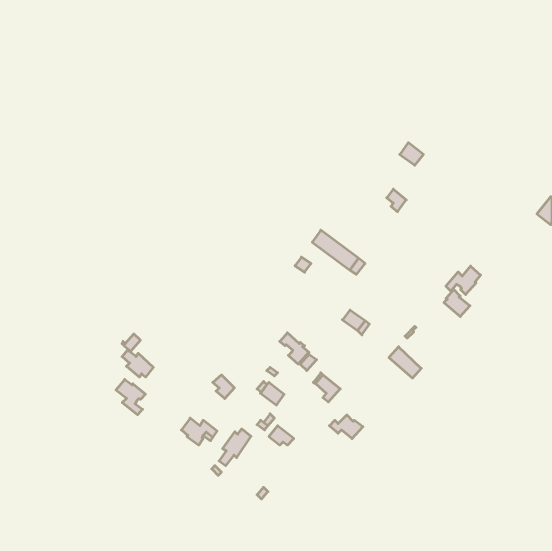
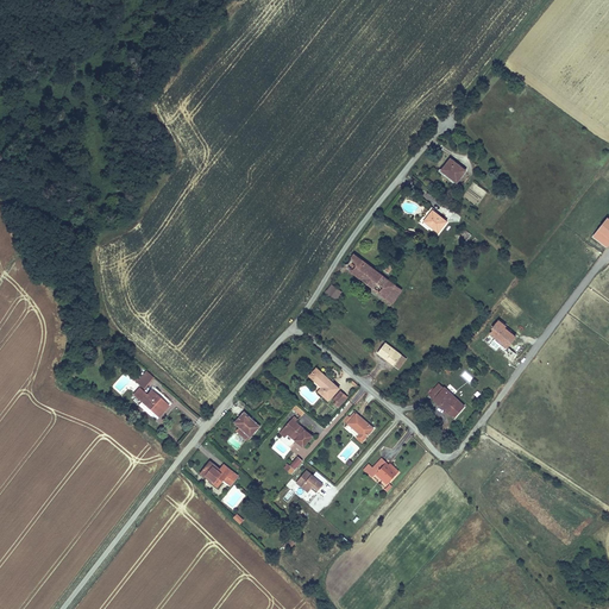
building: [446,266,481,295] -> none
building: [116,379,145,415] -> none
building: [219,429,251,466] -> none

